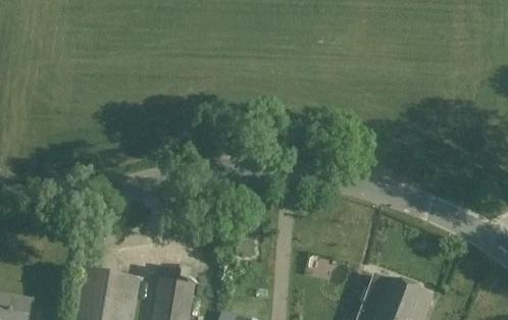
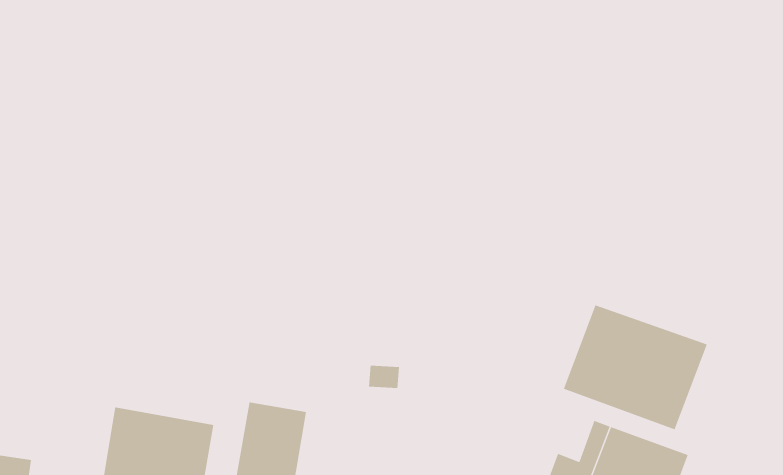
building: none -> [563,304,708,430]

